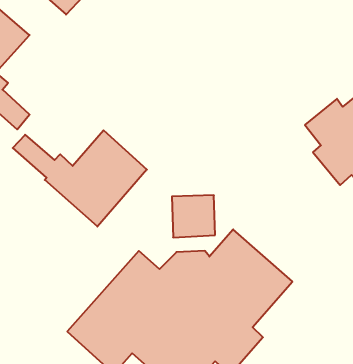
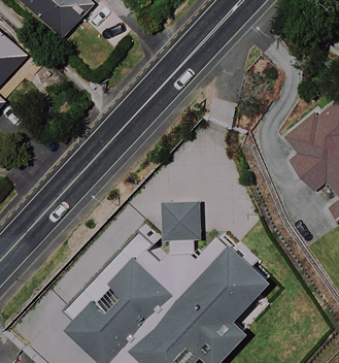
building: [13,130,147,227] -> none

